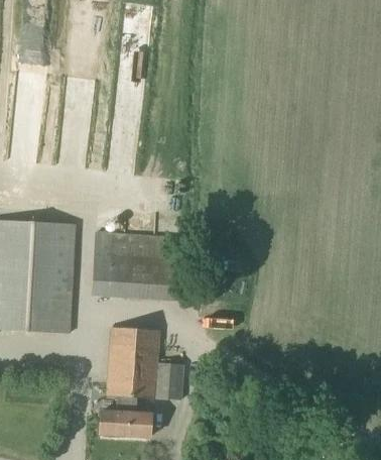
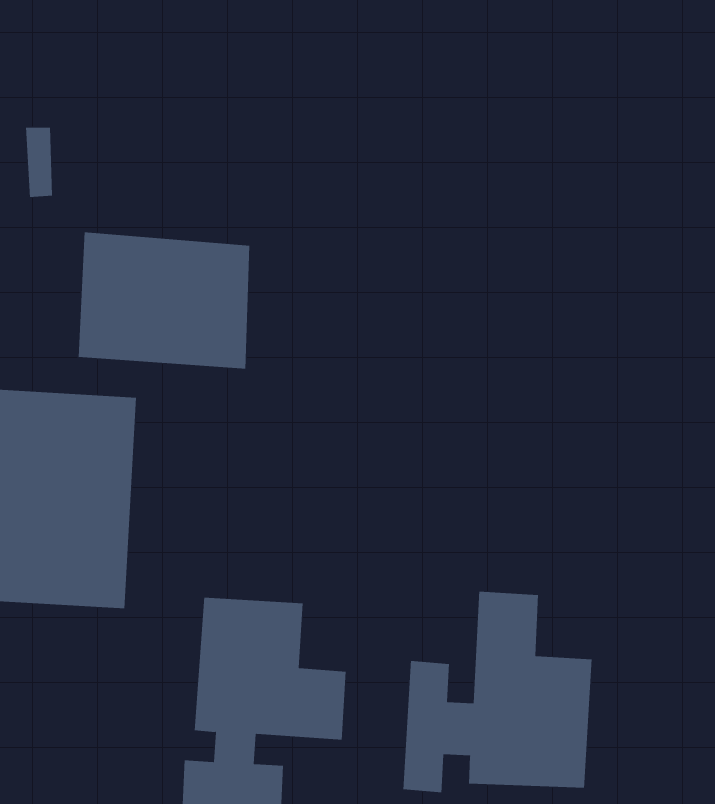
building: [92,231,180,302] -> [78,232,250,369]
building: none -> [403,591,592,793]

